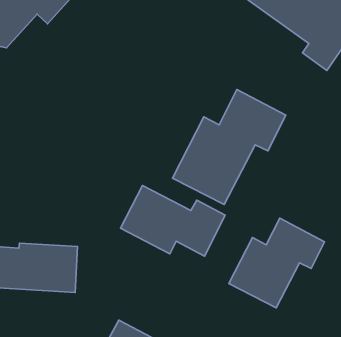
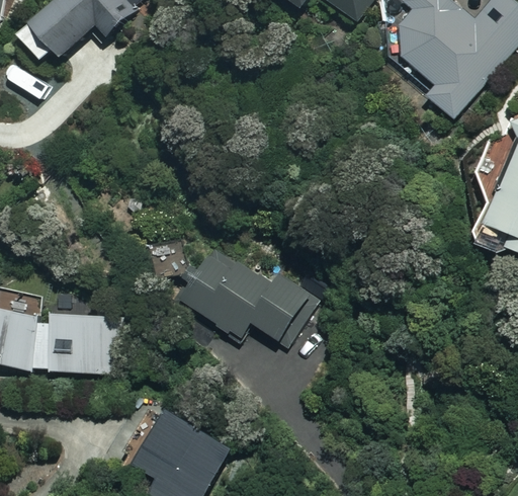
building: [173,89,286,205] -> none
building: [229,218,325,308] -> none

